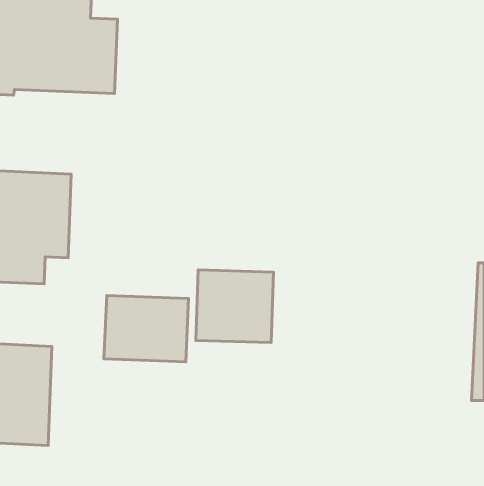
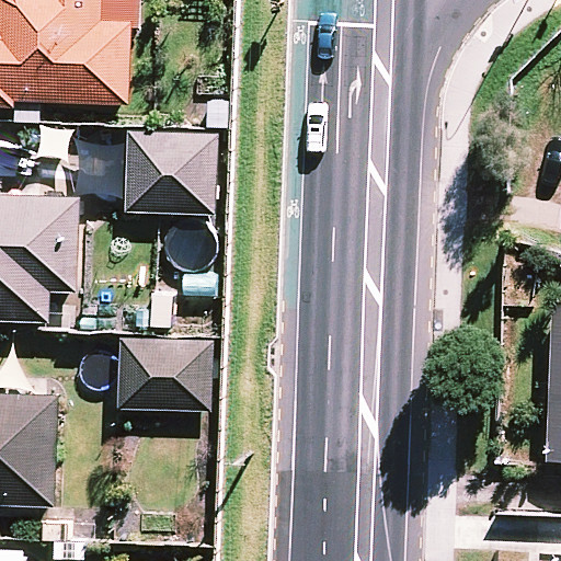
building: none -> [126,130,220,215]
building: [196,270,274,342] -> none

